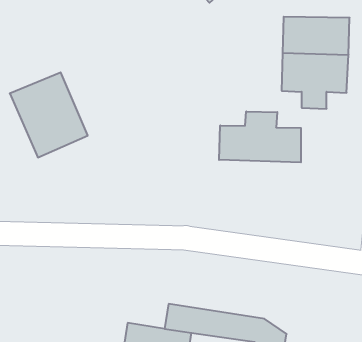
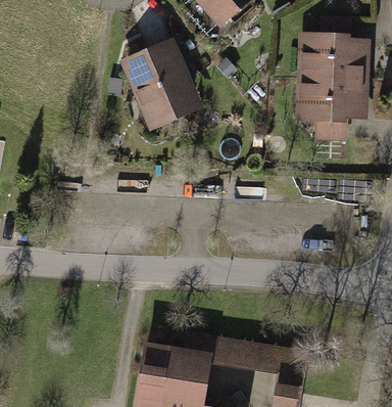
building: [10,72,88,157] -> [127,40,206,127]
building: [219,111,301,162] -> none

